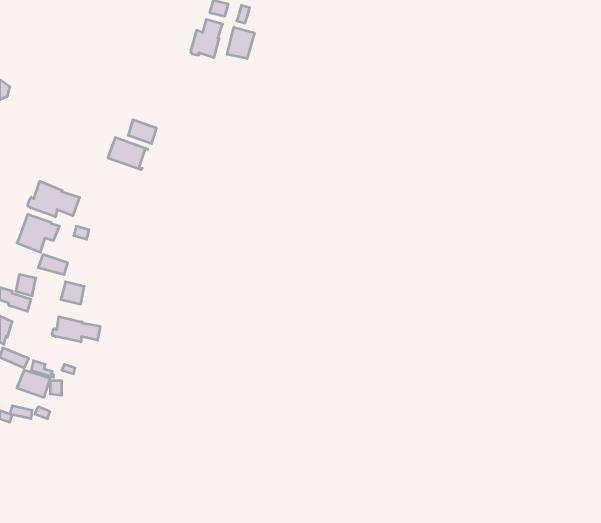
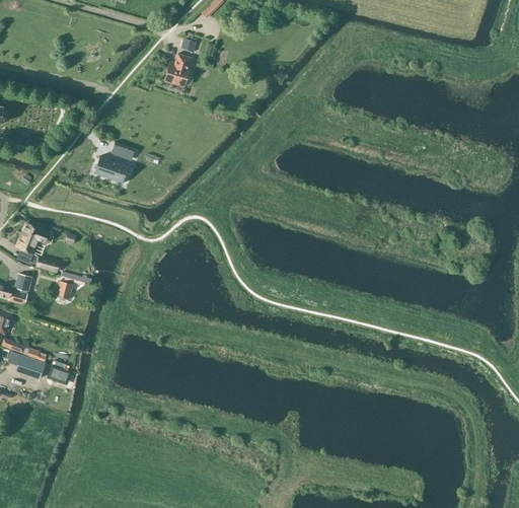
building: [227,27,254,59] -> none
building: [28,181,80,217] -> none
building: [52,317,100,342] -> none

